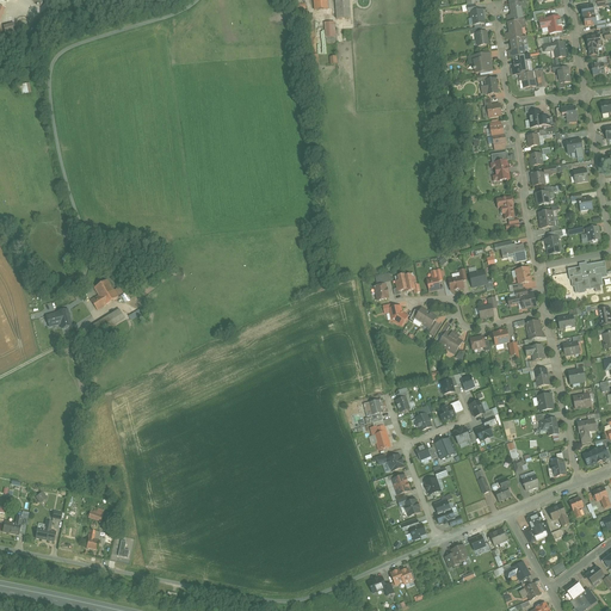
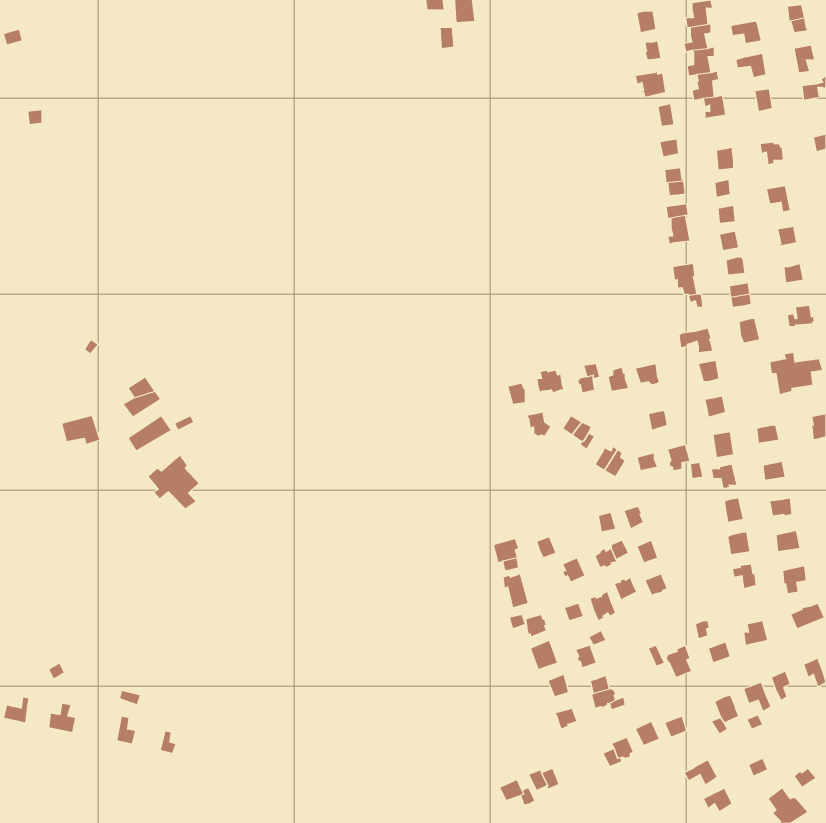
building: none -> [148,455,200,509]

